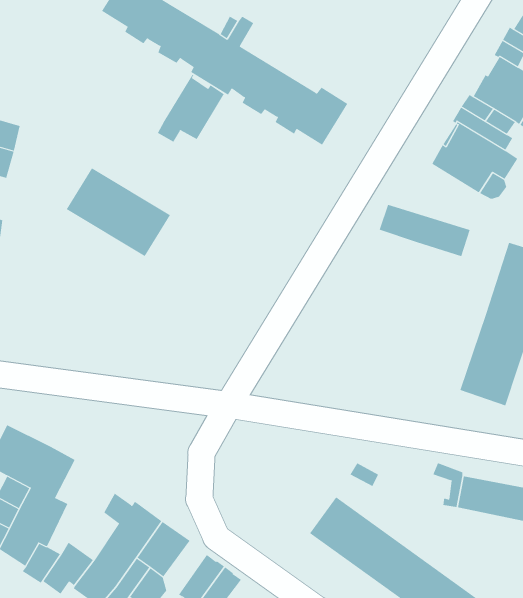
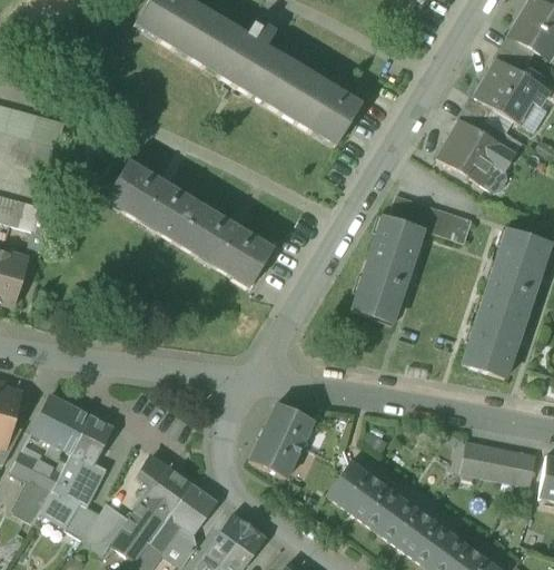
building: [157,74,224,142] -> none
building: none -> [177,205,274,287]
building: none -> [352,216,423,323]
building: none -> [249,402,314,478]

